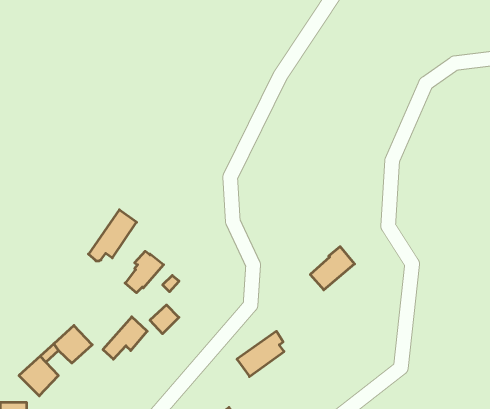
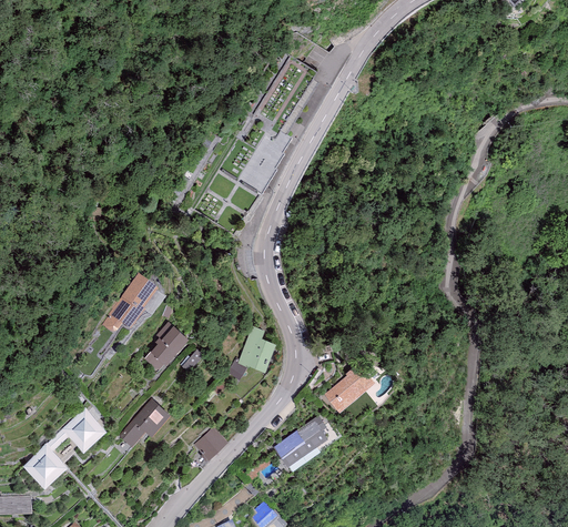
building: [310,247,355,290] -> [324,363,375,413]
building: none -> [237,325,275,374]
building: [150,305,179,334] -> [194,427,227,460]

